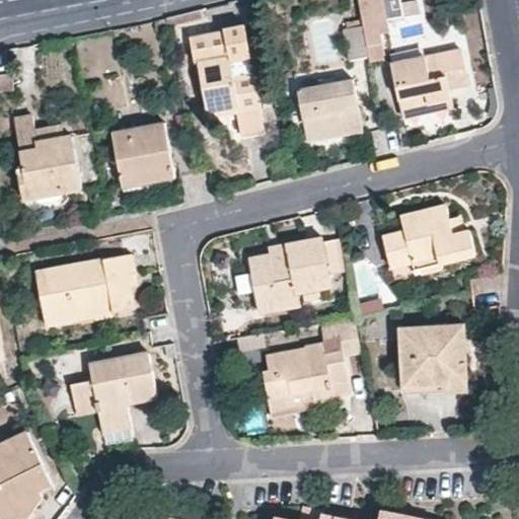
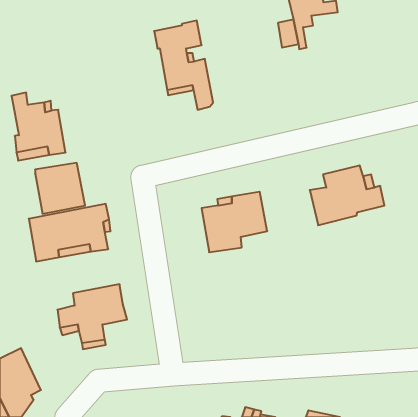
building: [391,50,467,118] -> none
building: [297,80,362,142] -> none
building: [113,124,174,187] -> [35,163,85,214]
building: [263,314,362,415] -> none
building: [399,324,467,392] -> none

